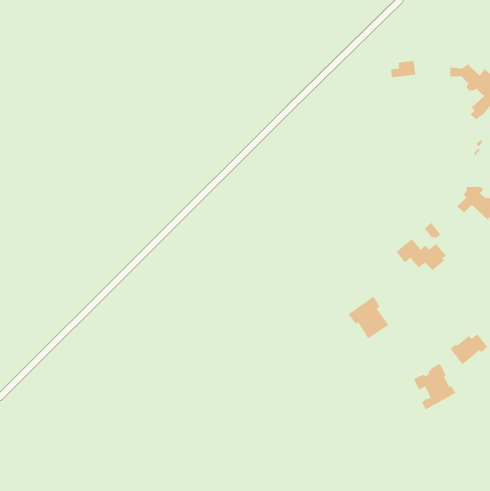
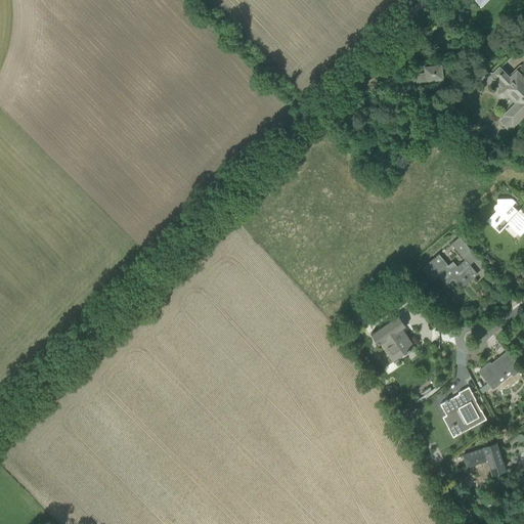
building: none -> [463,444,506,474]

